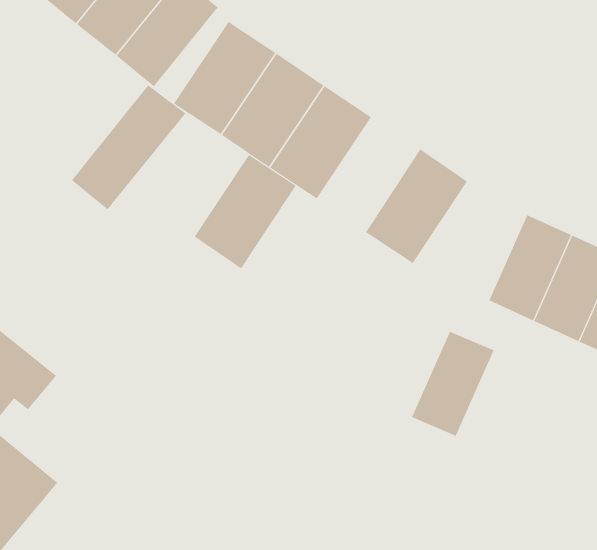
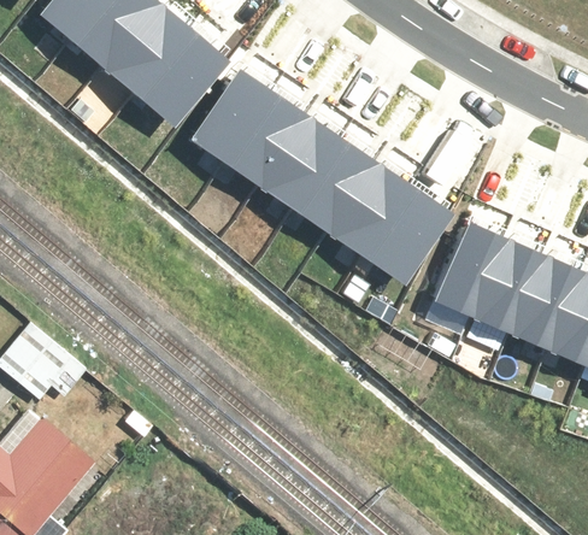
building: [71,84,186,210] -> none
building: [194,154,296,269] -> [317,152,407,253]
building: [411,331,495,436] -> [428,221,501,313]

